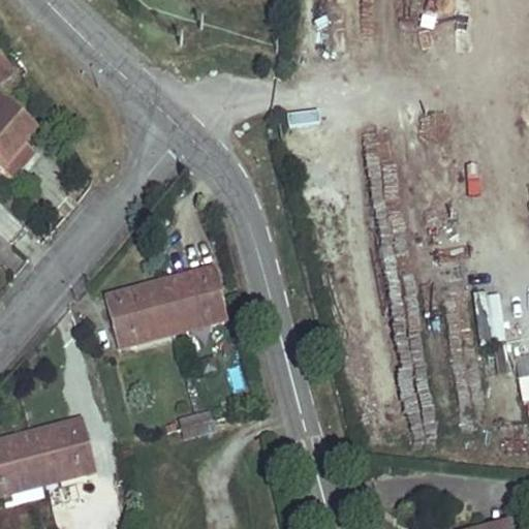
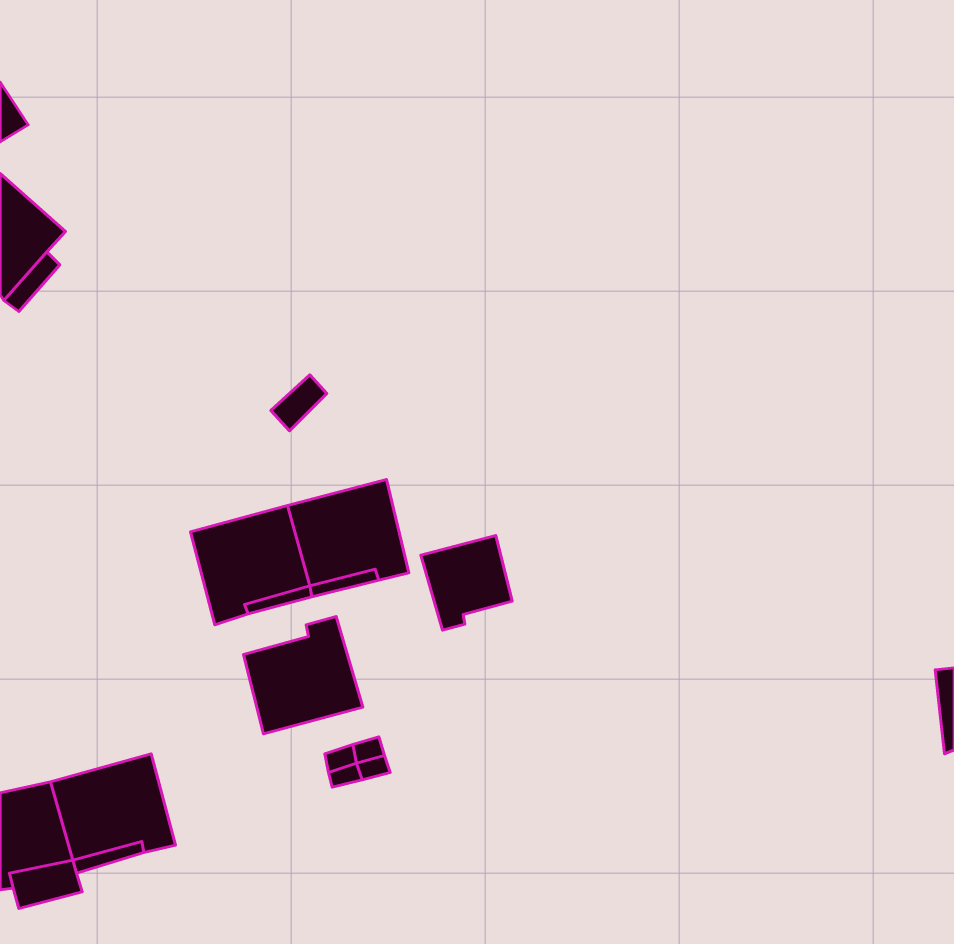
building: none -> [421,536,512,630]
building: none -> [243,617,363,734]

